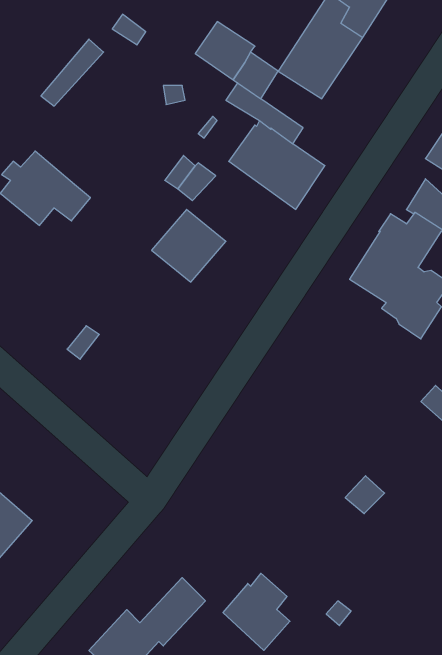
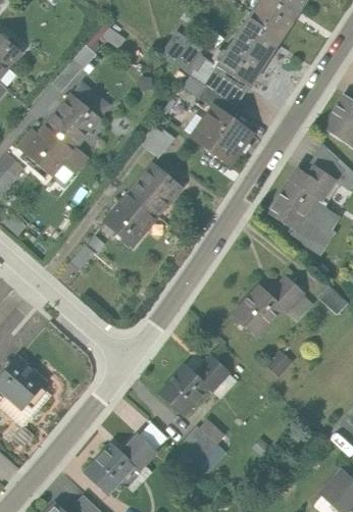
building: none -> [205,66,248,106]
building: none -> [47,82,109,146]
building: none -> [104,192,156,244]
building: none -> [232,276,312,335]
building: none -> [158,355,236,414]

